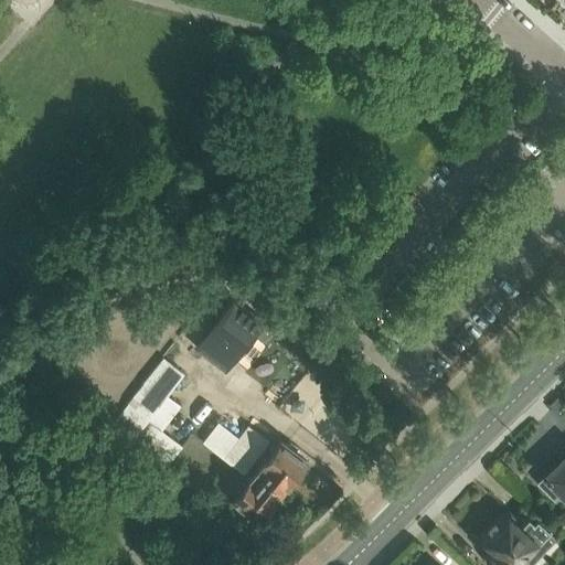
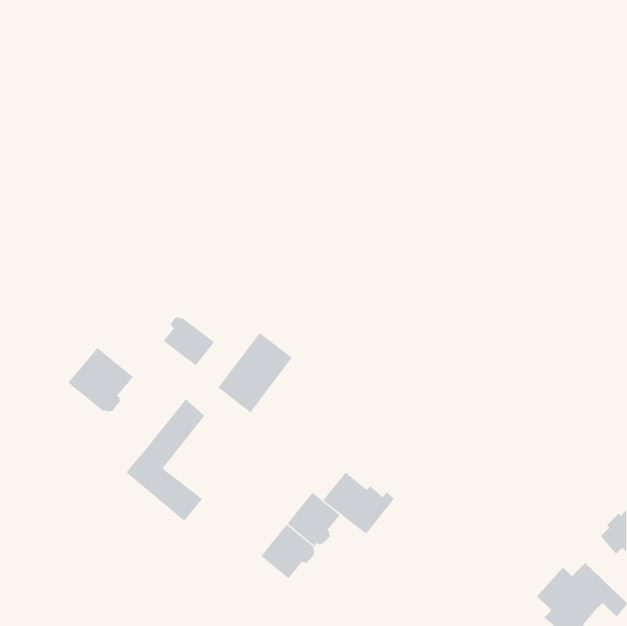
building: none -> [163,317,215,366]
building: none -> [68,347,134,413]
building: [204,419,269,476] -> [322,472,395,535]

